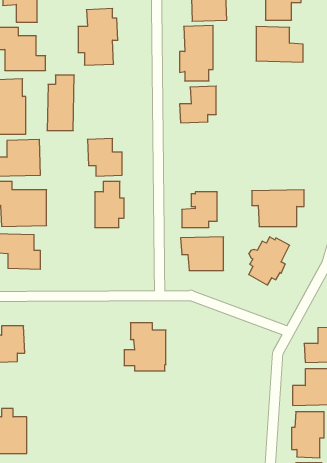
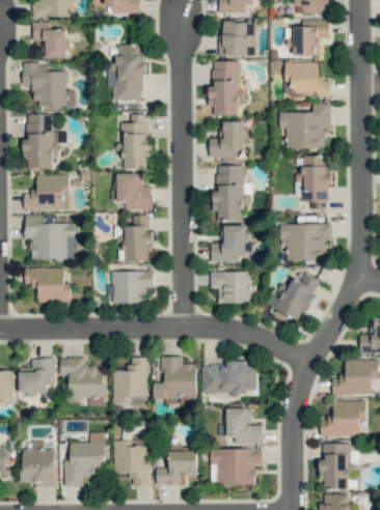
building: none -> [279,105,329,148]
building: [47,75,74,131] -> [123,114,150,169]
building: none -> [296,157,330,210]
building: none -> [213,166,245,221]
building: none -> [107,272,152,302]
building: none -> [111,357,146,401]
building: none -> [60,358,104,406]
building: none -> [200,361,256,397]
building: none -> [226,408,261,443]
building: none -> [64,433,105,487]
building: none -> [113,440,150,486]
building: none -> [157,444,198,486]
building: none -> [211,449,263,485]

